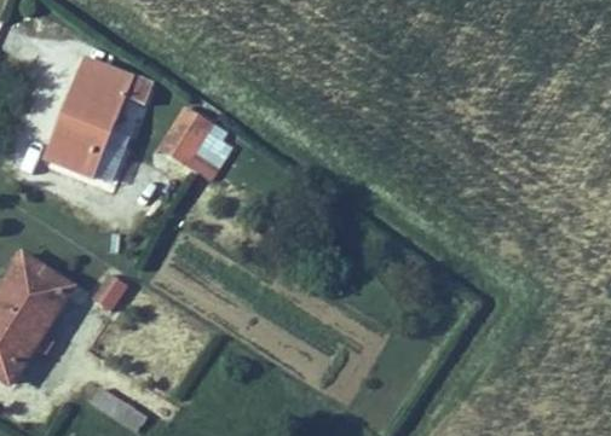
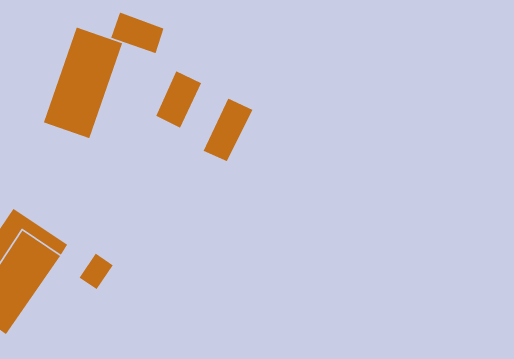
building: none -> [110,11,165,54]
building: none -> [202,98,253,162]

